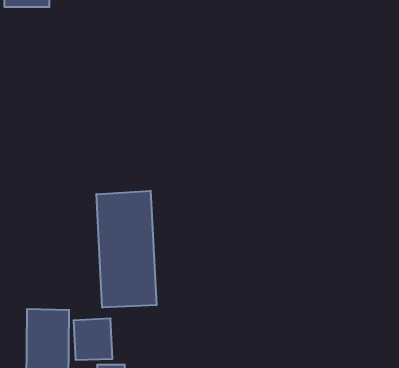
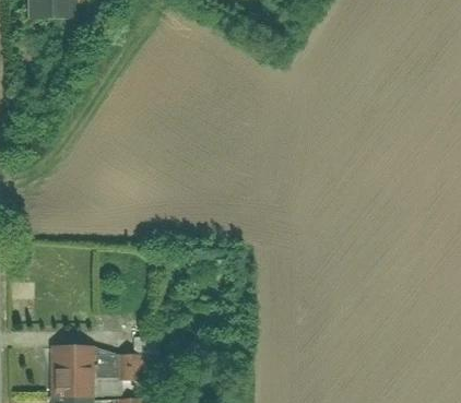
building: [96,191,156,308] -> none

